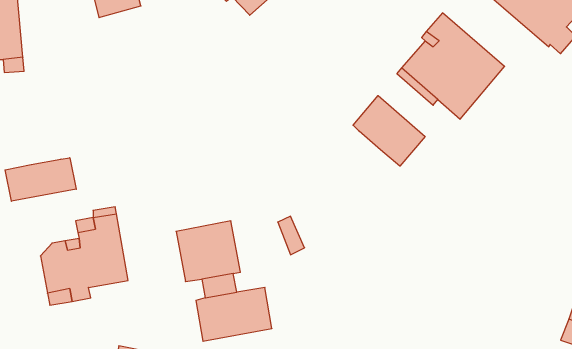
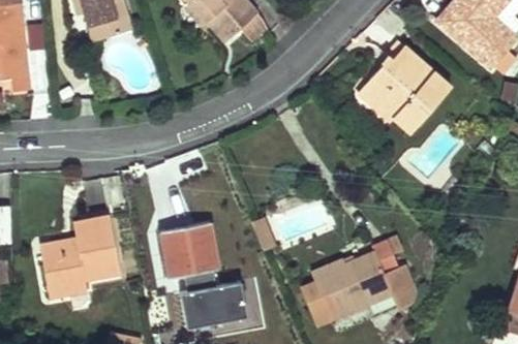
building: [353,96,425,166] -> none
building: [5,158,76,201] -> none
building: none -> [310,241,417,320]

